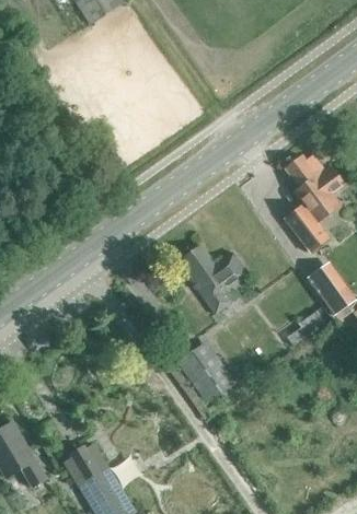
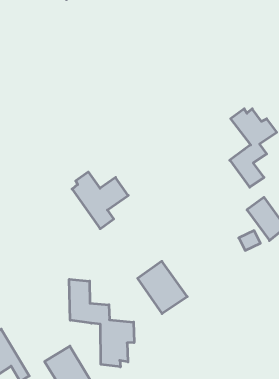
building: [181,245,249,314] -> [72,172,128,229]
building: none -> [69,279,134,367]

